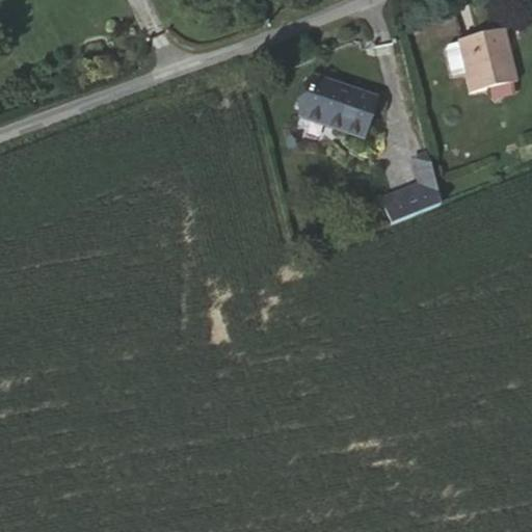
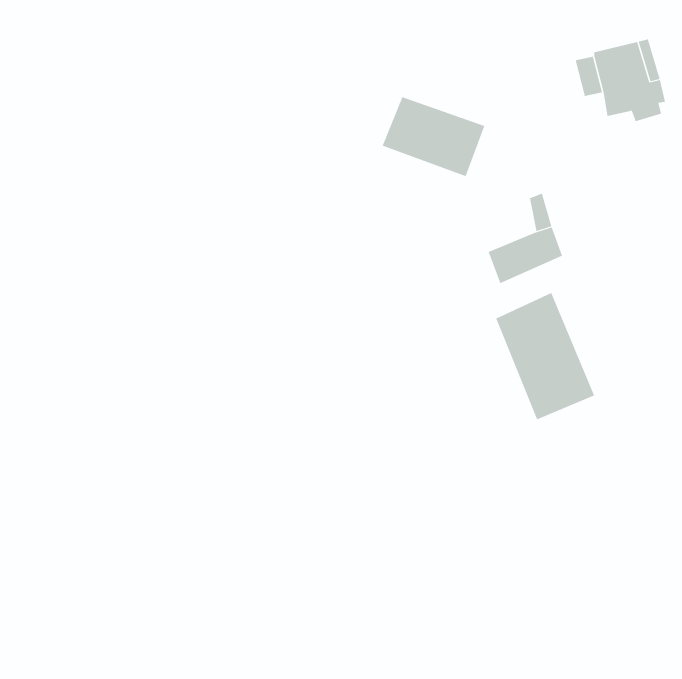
building: none -> [495,292,595,420]

